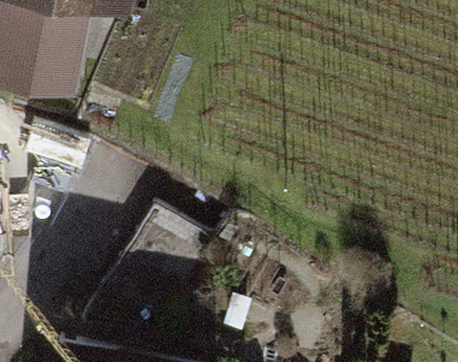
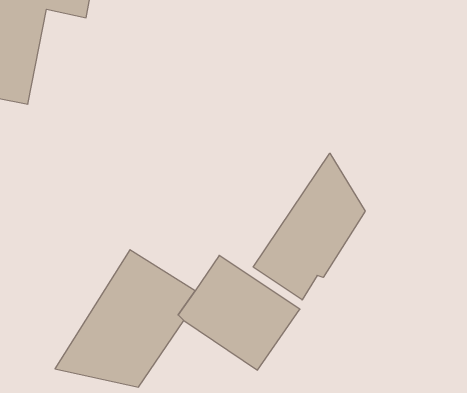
building: none -> [253,153,365,300]

